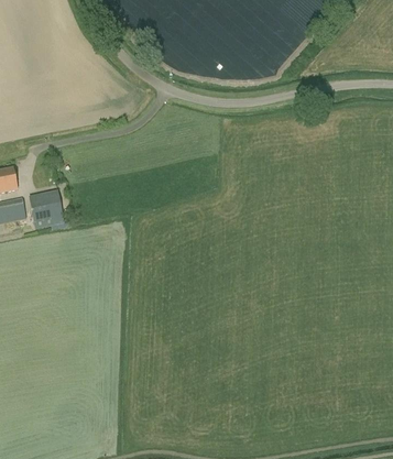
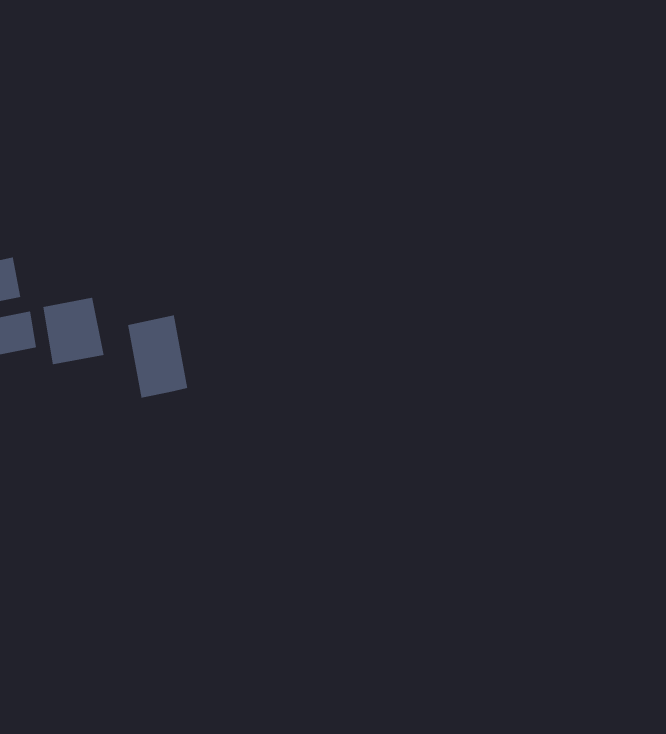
building: none -> [128,314,188,399]

